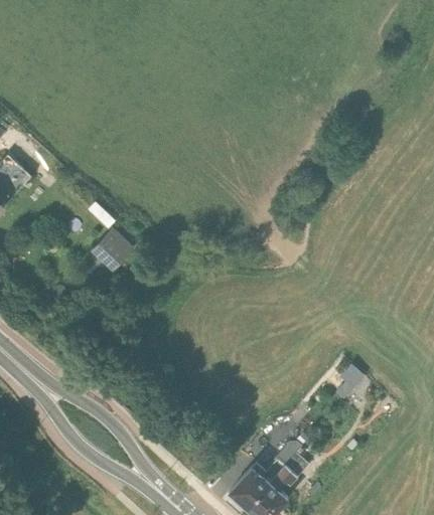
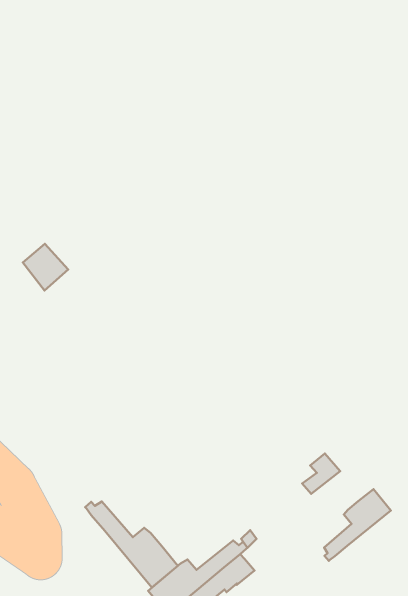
building: none -> [324,489,391,561]
building: none -> [85,502,178,587]

